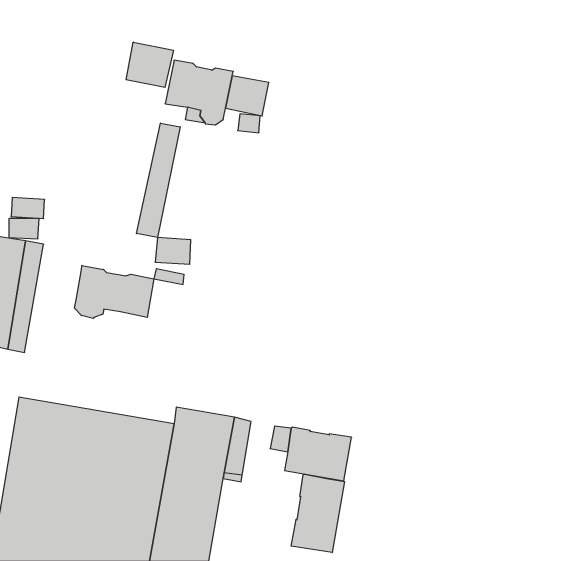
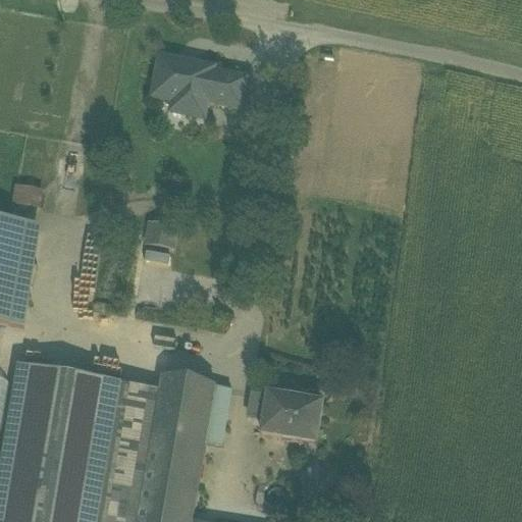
building: [126,42,173,87] -> none
building: [137,123,180,238] -> none
building: [75,265,154,318] -> none
building: [291,474,344,553] -> none

